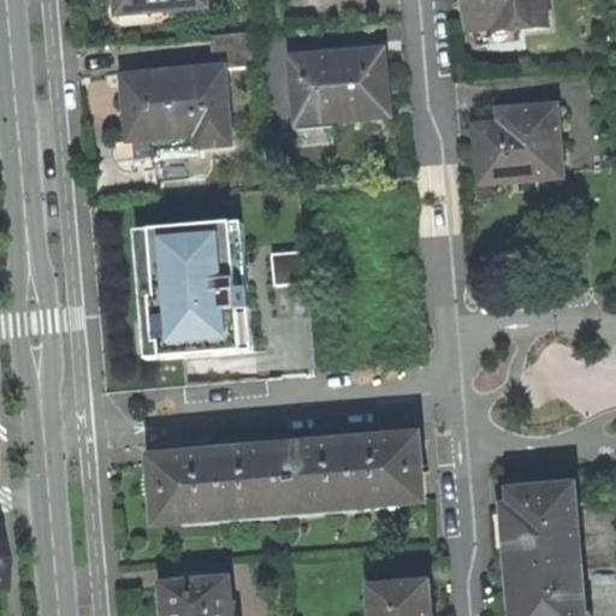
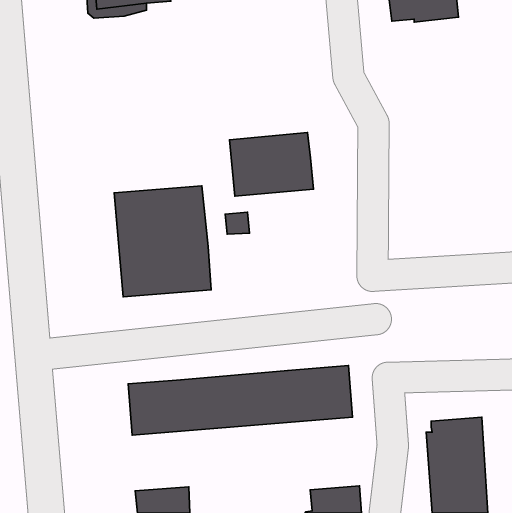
building: [122,28,250,149] -> none
building: [290,46,390,122] -> [230,133,313,196]
building: [474,102,561,177] -> none

